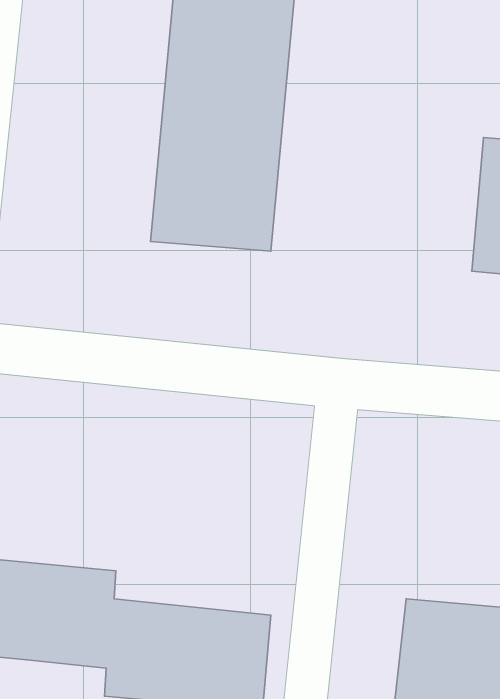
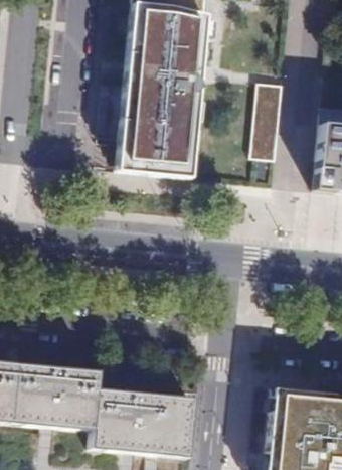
building: none -> [251,80,284,159]

